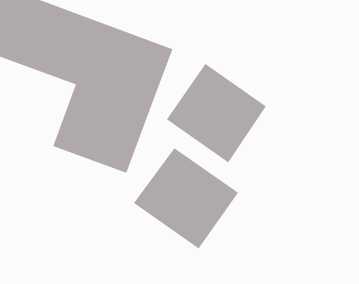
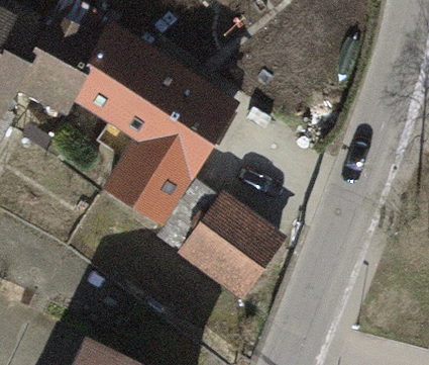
building: [166,63,267,163] -> none

